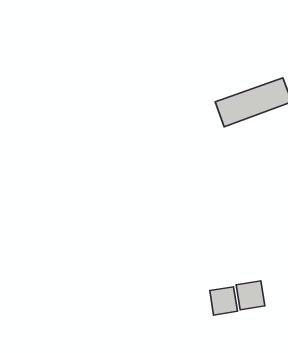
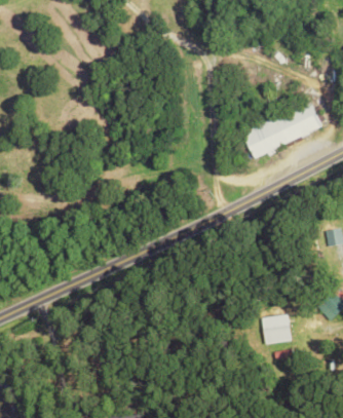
building: [210,287,238,315] -> none

